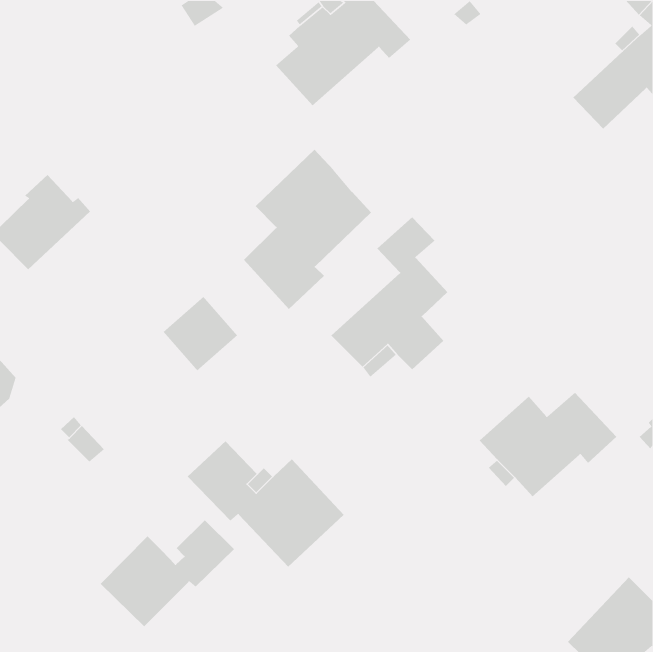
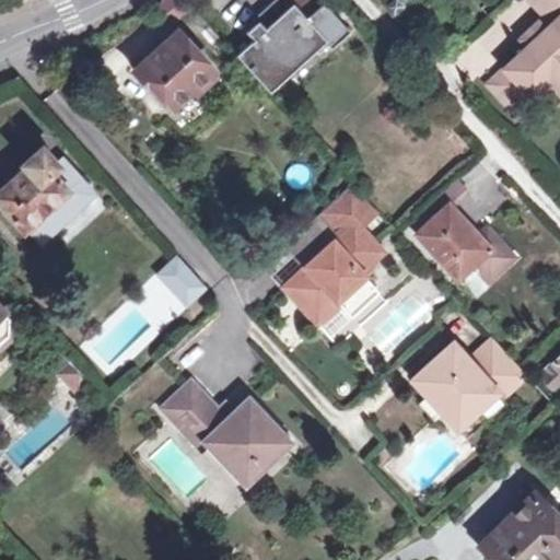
building: none -> [132,32,222,110]
building: [243,149,372,310] -> none
building: none -> [419,179,517,282]
building: [100,520,235,627] -> none

